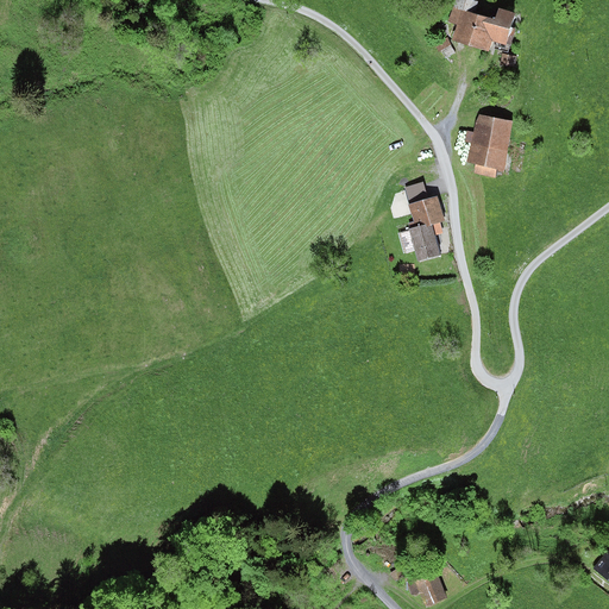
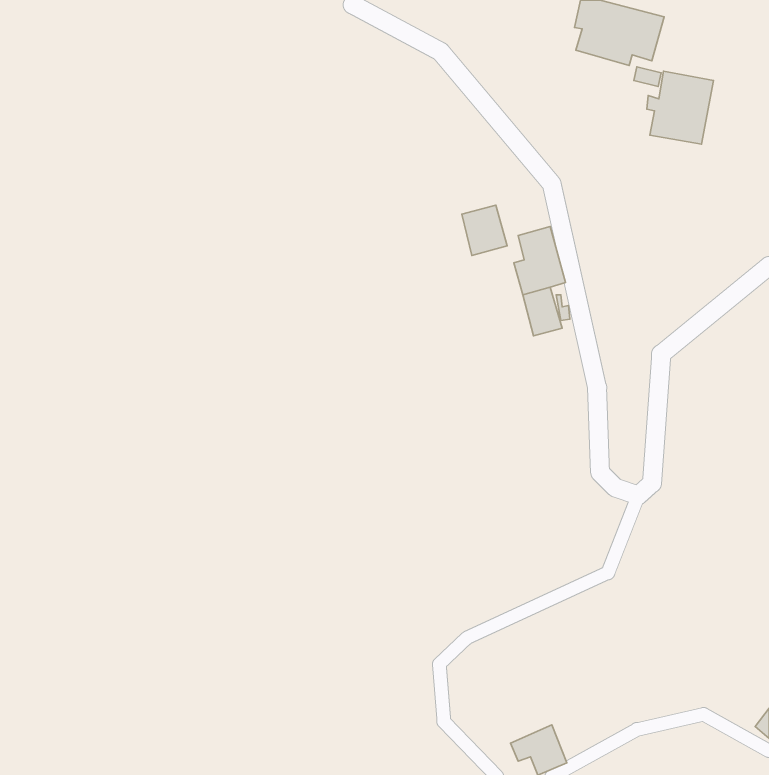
building: [463,114,515,171] -> [647,71,714,144]
building: none -> [462,205,507,256]

